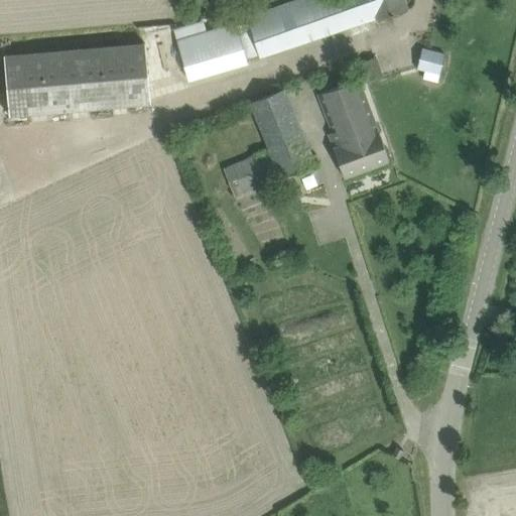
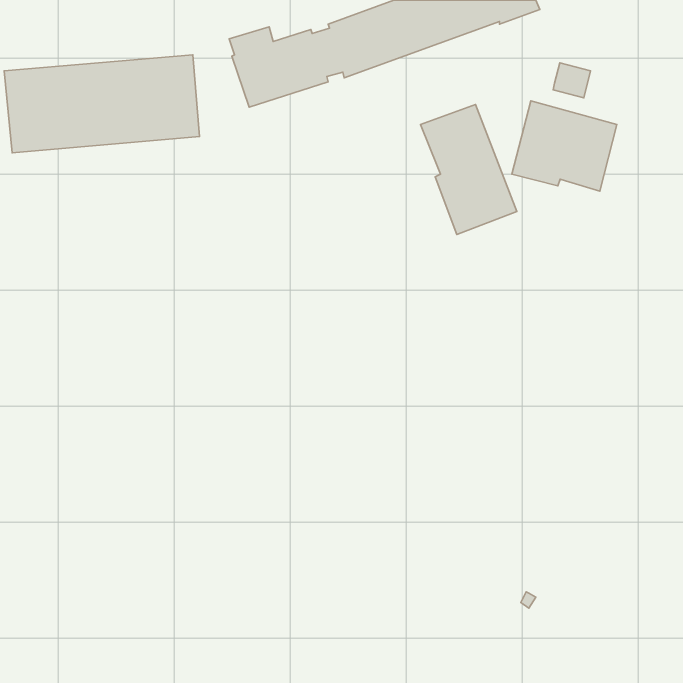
building: none -> [512,101,617,191]
building: [223,89,314,197] -> none

